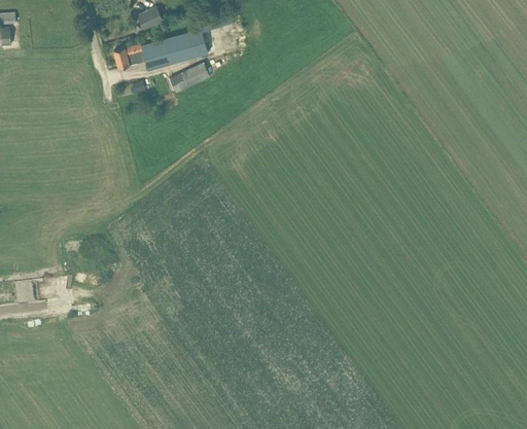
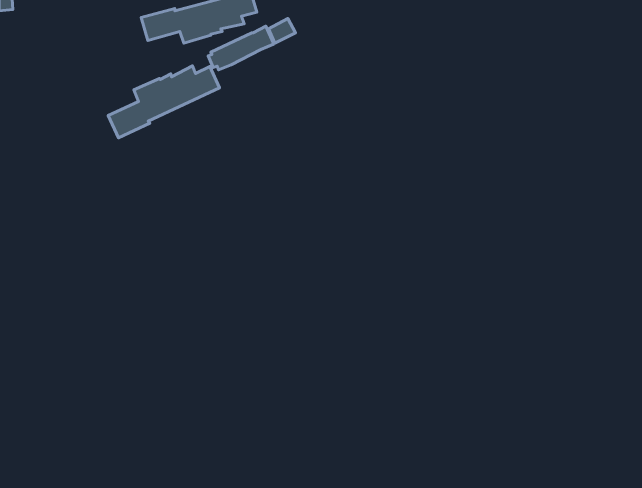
building: none -> [108,66,219,138]

